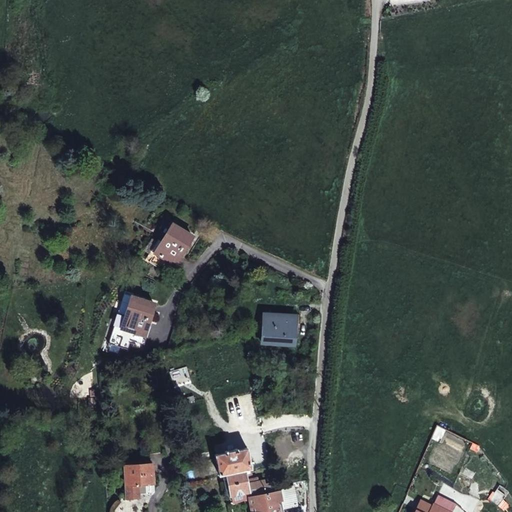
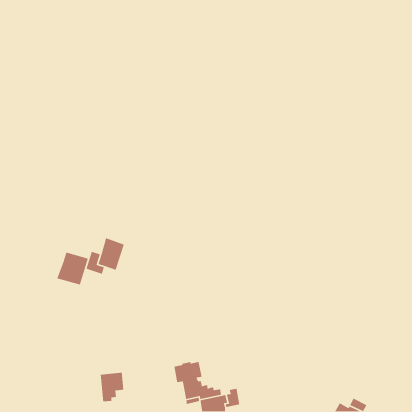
building: [154,223,193,265] -> none
building: none -> [56,251,89,286]
building: [261,314,296,343] -> none

